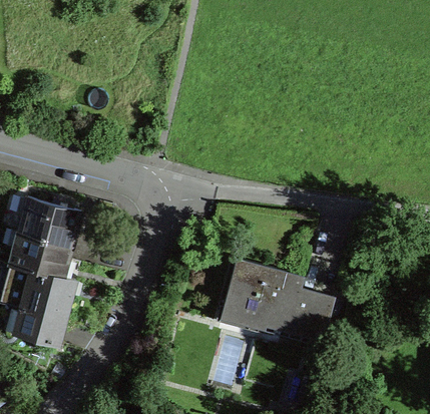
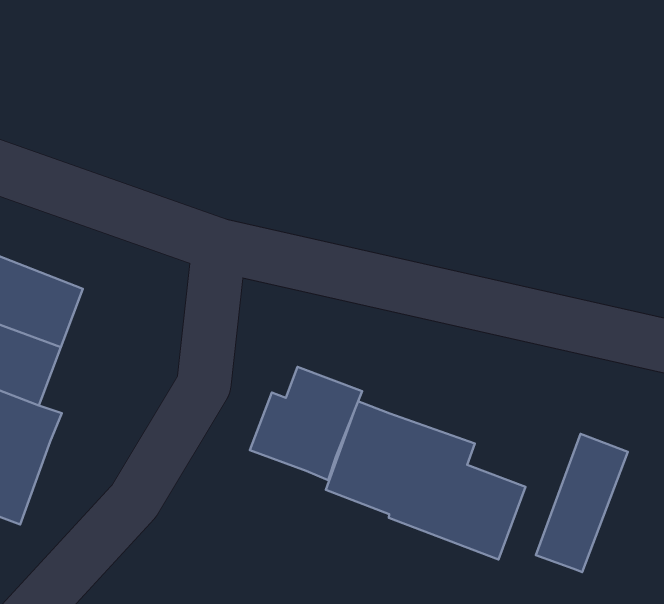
building: none -> [250,367,362,480]
building: none -> [536,434,628,572]

